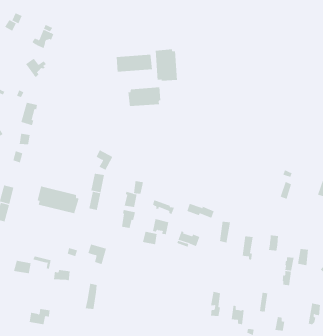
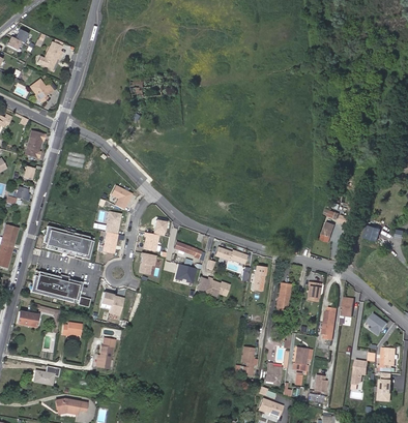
building: [155,48,178,82] -> none
building: [128,87,161,107] -> none
building: none -> [30,272,81,304]

